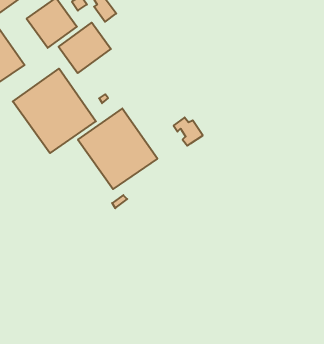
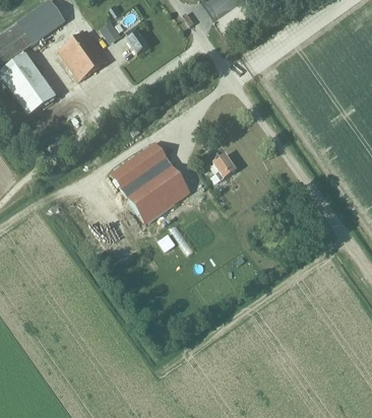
building: [59,23,111,73] -> none
building: [13,69,96,153] -> none

